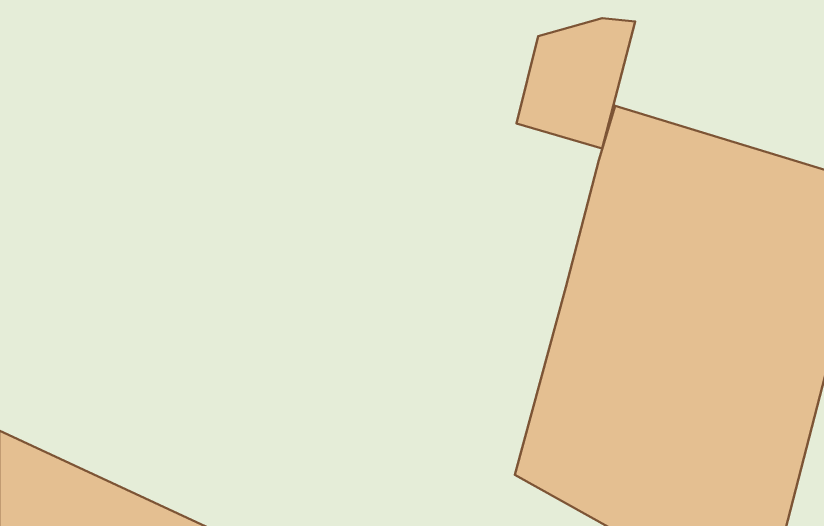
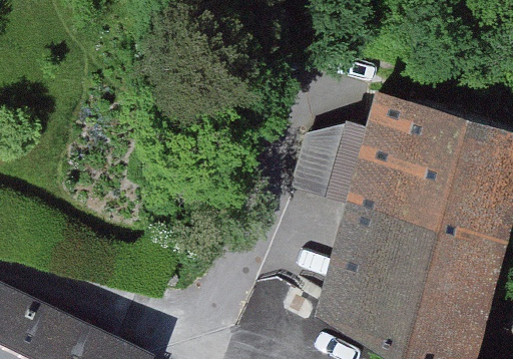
building: [517,18,635,148] -> [294,122,366,202]

